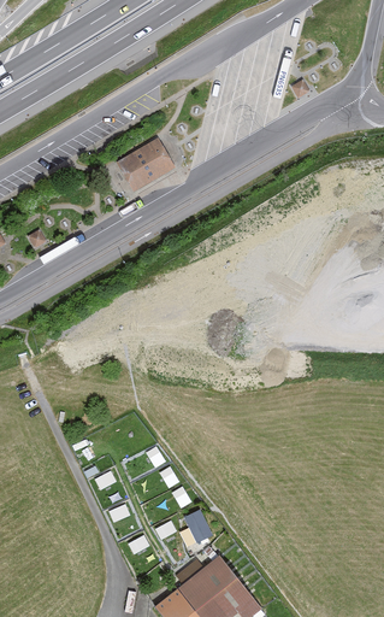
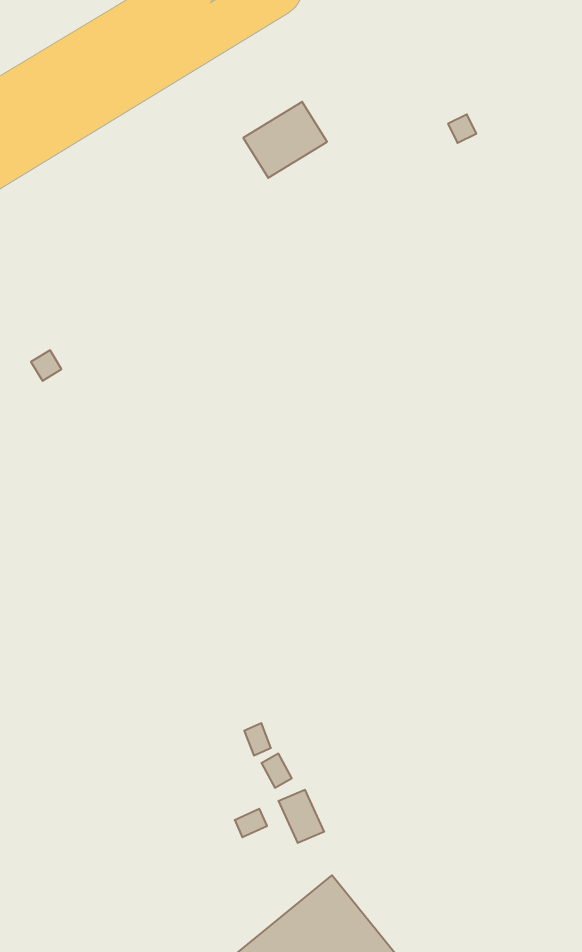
building: [119,139,172,187] -> [243,102,327,178]

